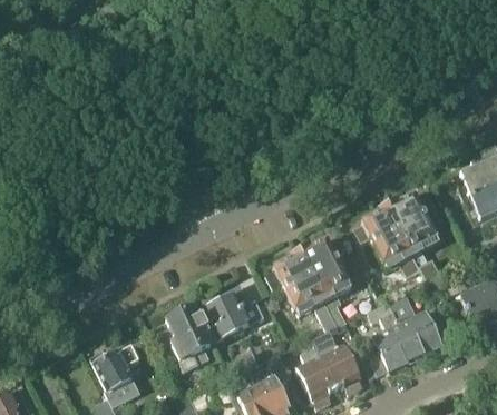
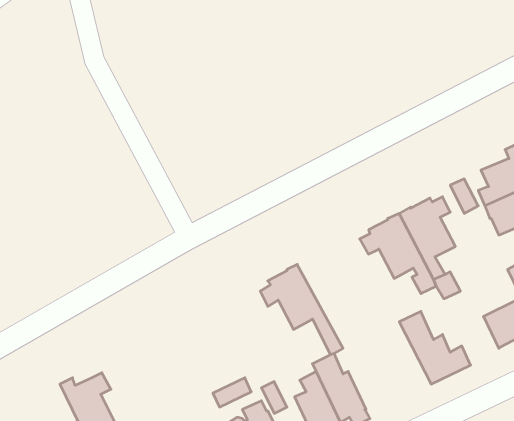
building: [301,237,353,325] -> none
building: [206,284,266,339] -> none
building: [370,302,418,375] -> none
building: [159,308,212,370] -> none

